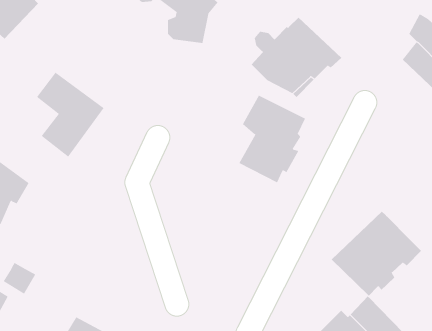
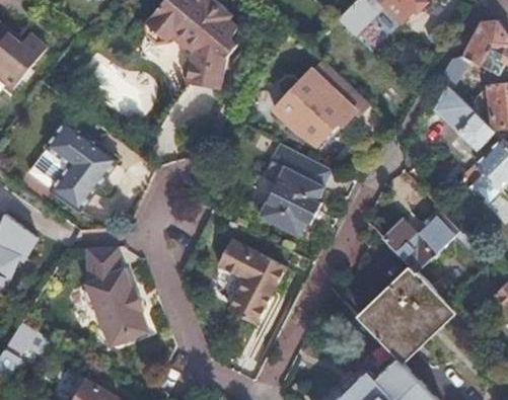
building: none -> [384,212,460,272]
building: none -> [219,241,286,326]
building: none -> [83,246,148,345]

